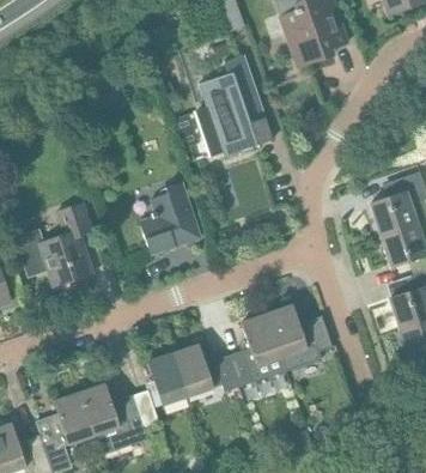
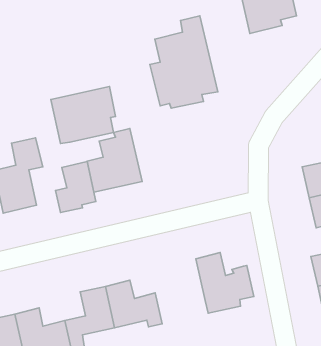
building: none -> [51,87,116,143]
building: none -> [55,162,96,213]
building: [227,314,286,387] -> none

